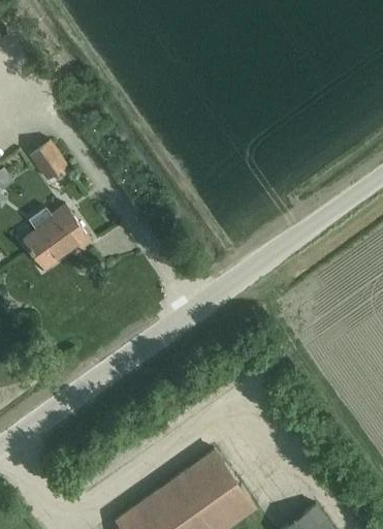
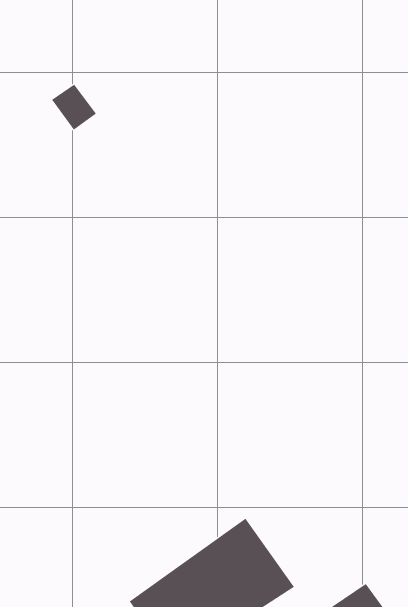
building: [28,142,66,181] -> [51,84,97,131]
building: [25,207,91,270] -> none

